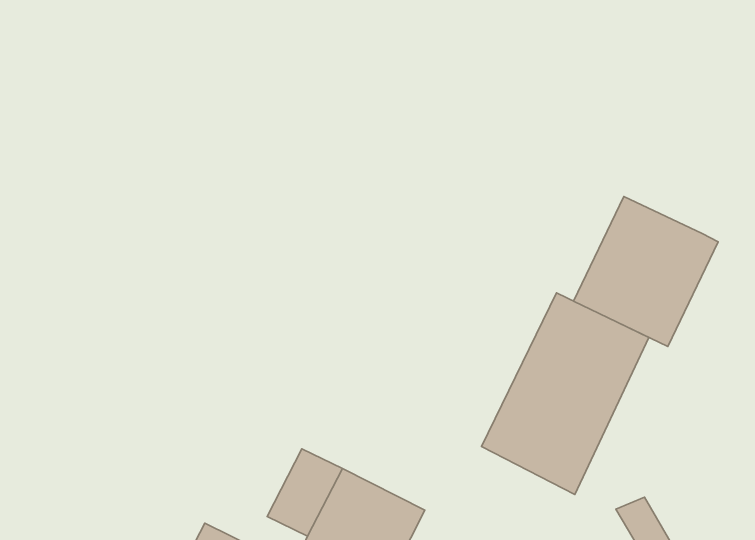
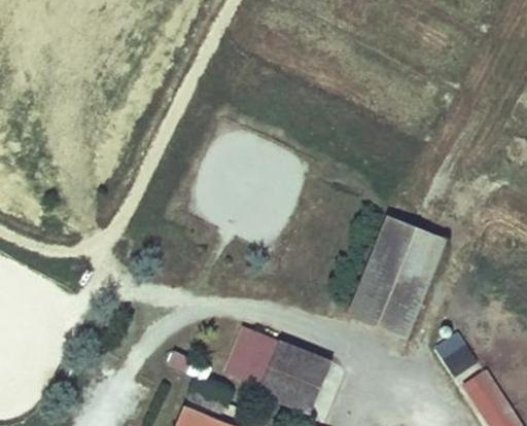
building: [573,197,718,346] -> none

